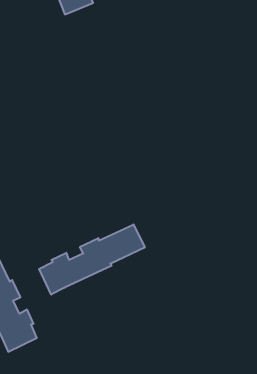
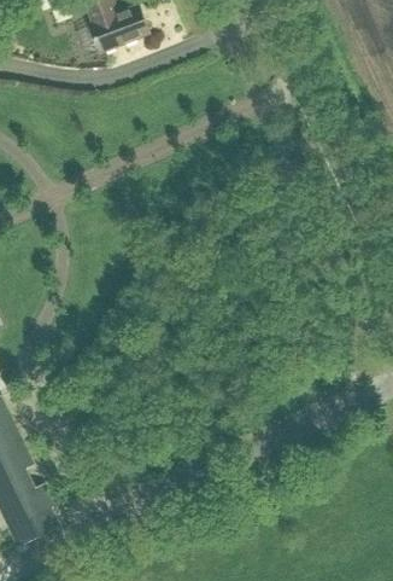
building: [39,224,145,295] -> none

